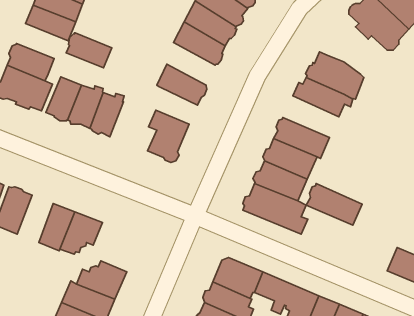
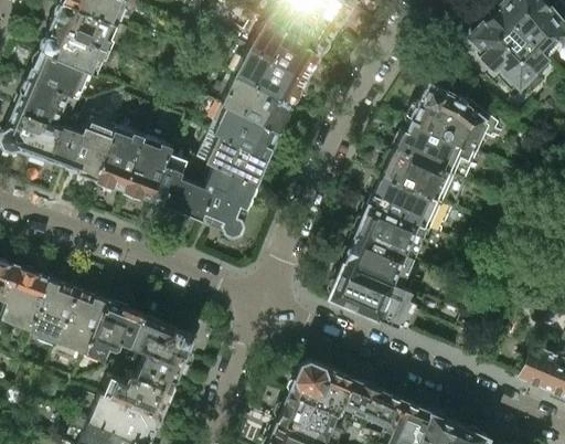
building: [66,33,112,68] -> [29,50,89,96]
building: none -> [222,75,291,131]
building: none -> [205,134,268,183]
building: none -> [152,154,214,220]
building: [306,183,362,225] -> [381,146,455,201]
building: none -> [30,277,77,340]
building: none -> [130,314,193,379]

